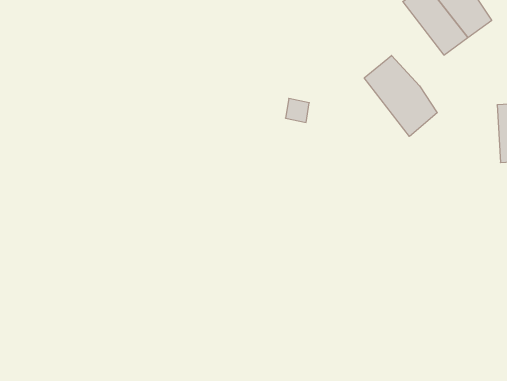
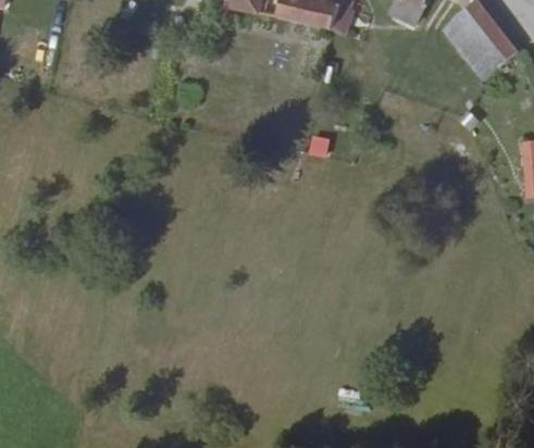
building: [364,55,437,136] -> none

